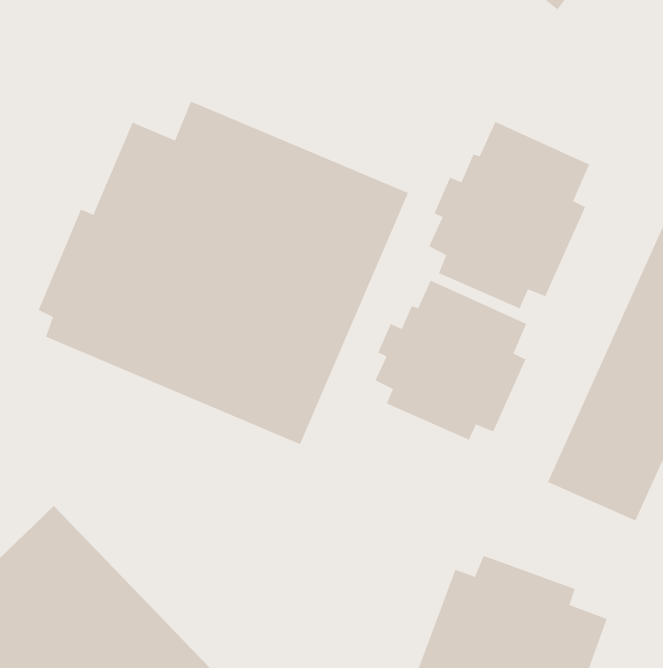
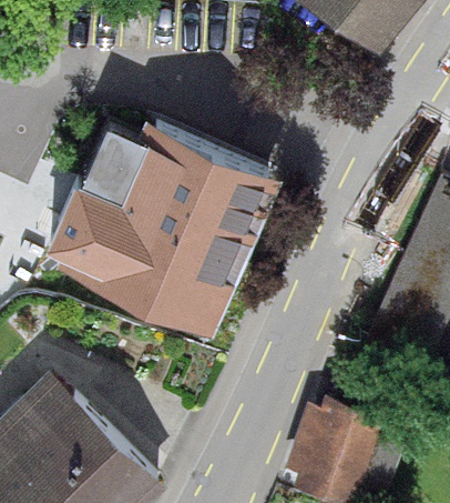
building: [428,121,590,309] -> none
building: [375,280,527,441] -> none

